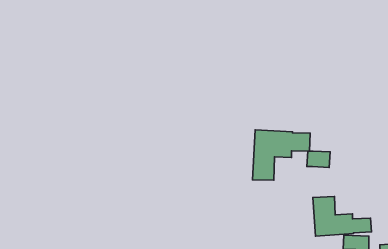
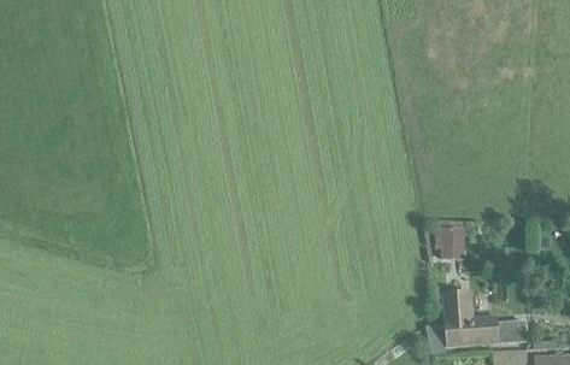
building: [253,130,310,180] -> none

